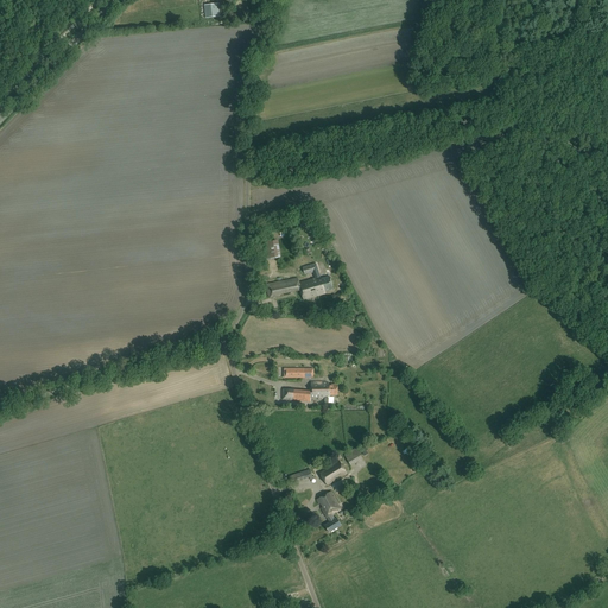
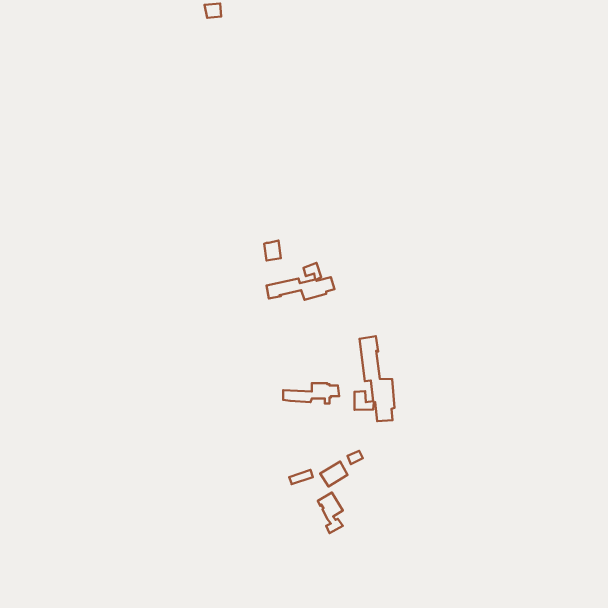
building: none -> [354,336,394,421]

